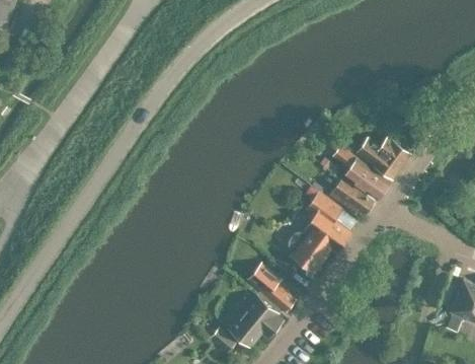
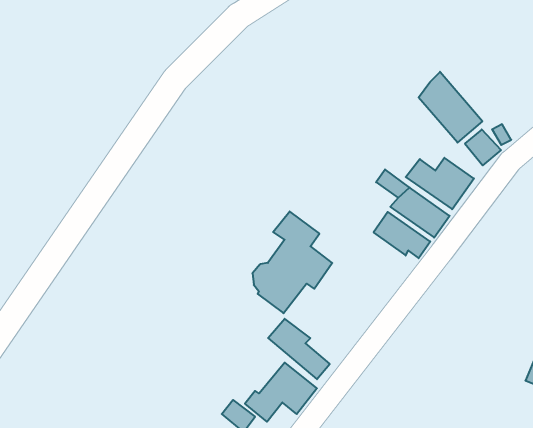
building: none -> [419,72,482,143]
building: [290,194,352,274] -> [252,211,332,313]

